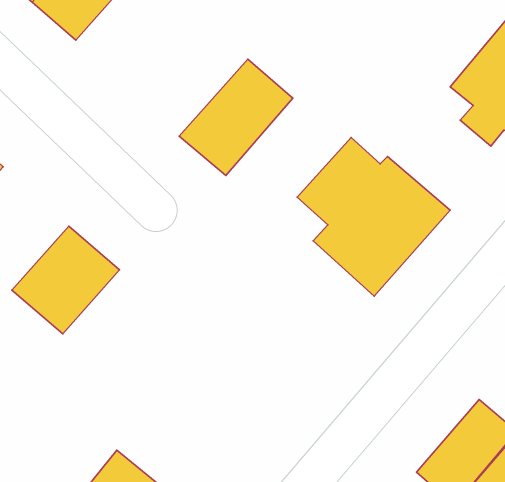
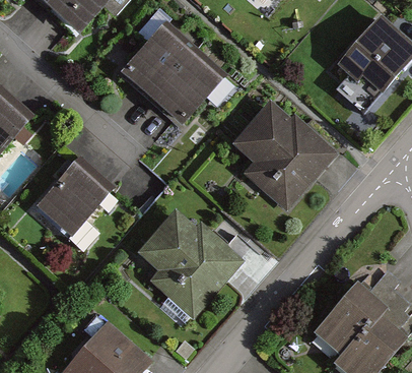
building: none -> [119,18,198,100]
building: none -> [136,208,244,317]

